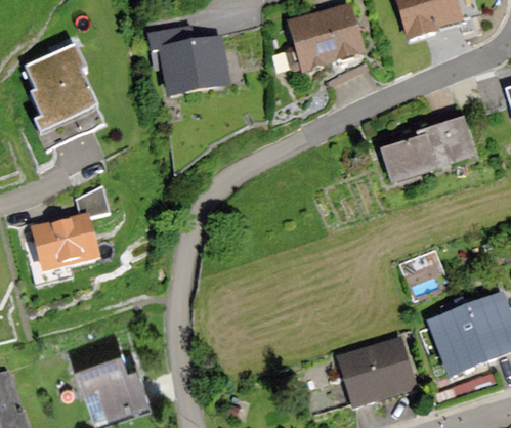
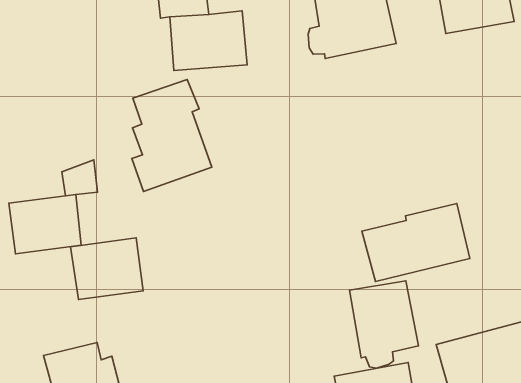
building: [28,45,104,149] -> [132,79,212,191]
building: [375,104,474,181] -> [362,204,470,281]
building: none -> [70,238,143,299]
building: none -> [350,281,419,368]

